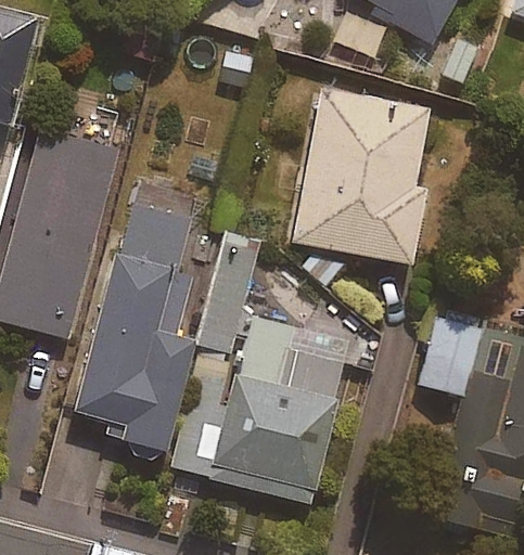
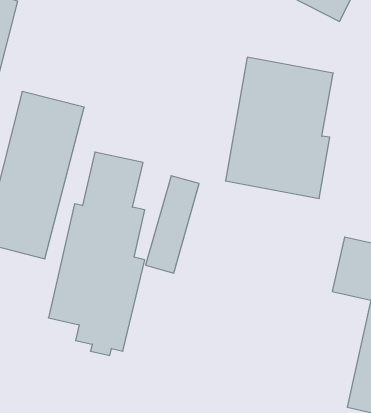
building: [178,317,347,502] -> none

